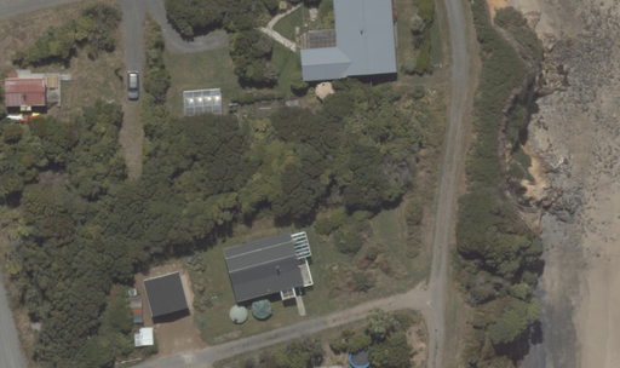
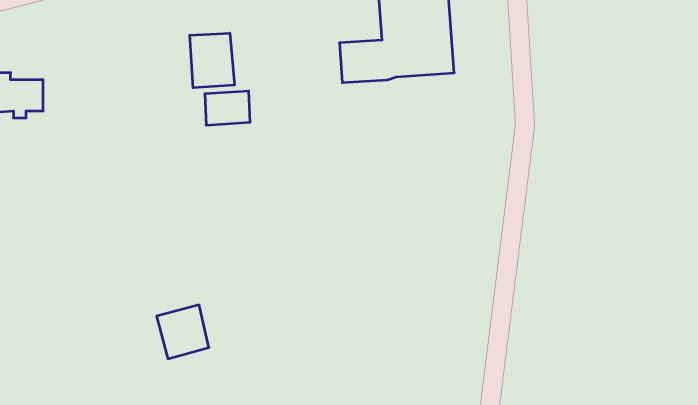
building: none -> [190,33,234,88]
building: [223,231,312,303] -> none

